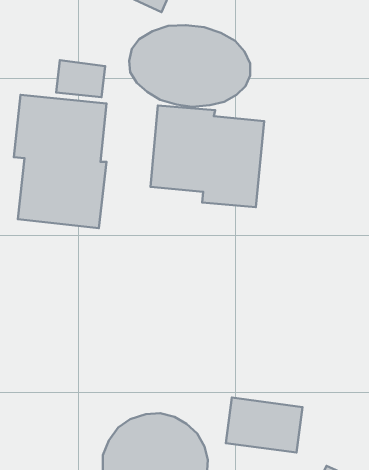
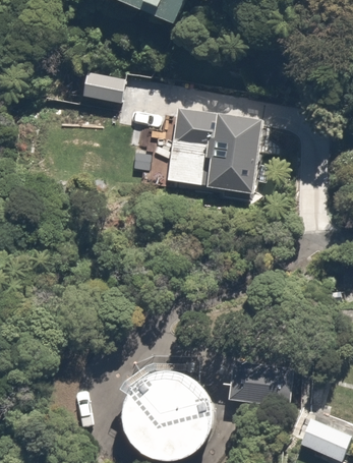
building: [129,25,250,107] -> none
building: [14,95,107,228] -> none

